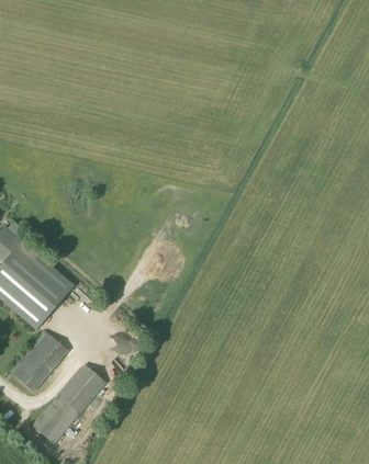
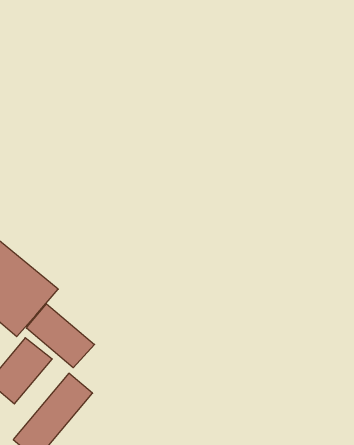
building: none -> [26,304,95,368]

